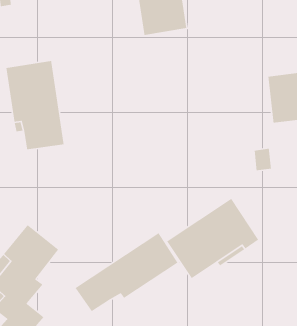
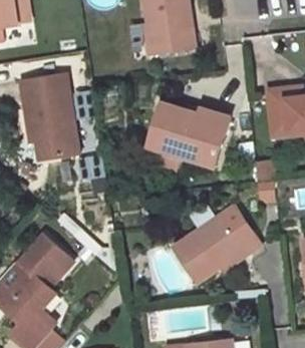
building: none -> [149,102,230,165]
building: [75,232,178,312] -> none

